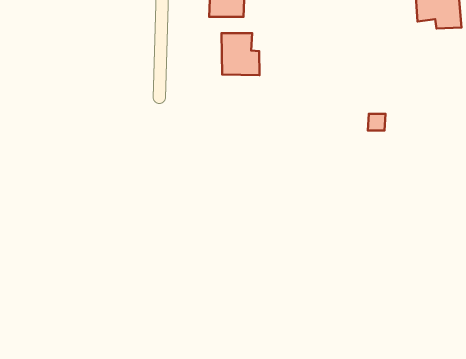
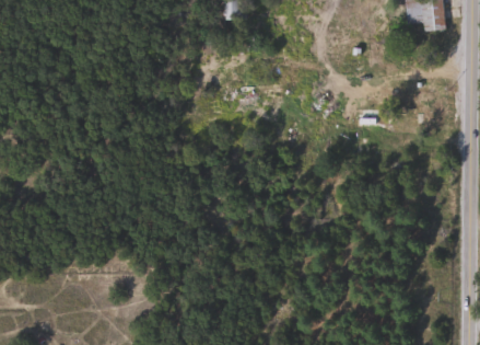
building: [222,33,260,75] -> none

